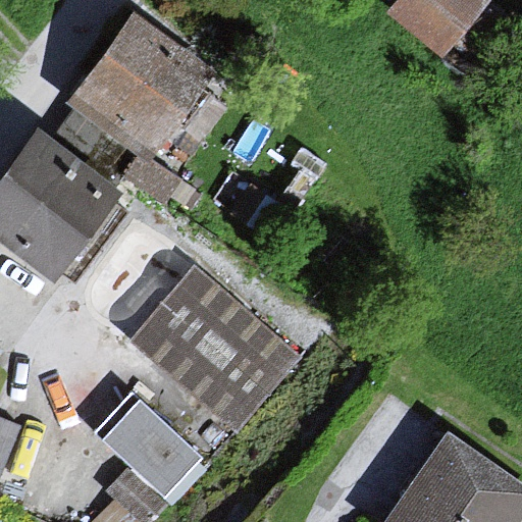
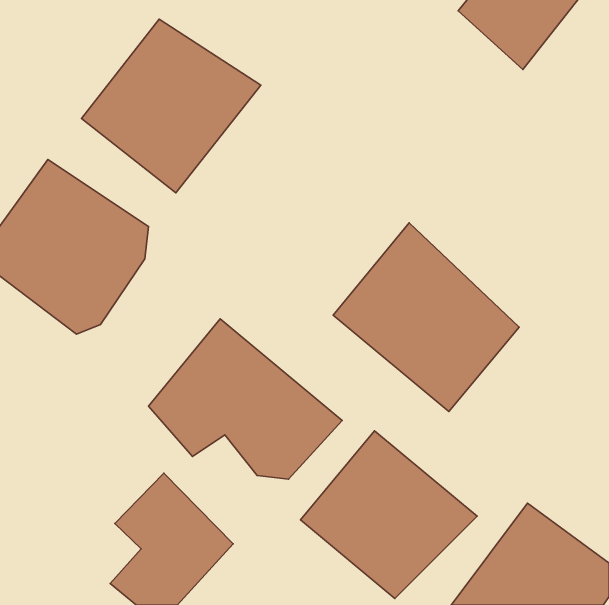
building: none -> [333,223,519,412]
building: none -> [300,431,477,599]

